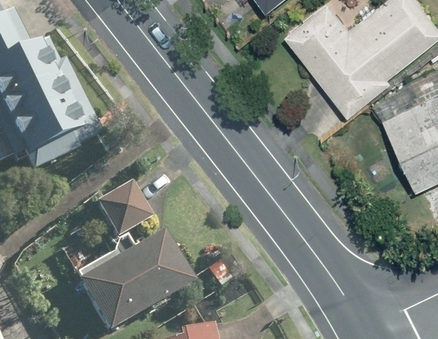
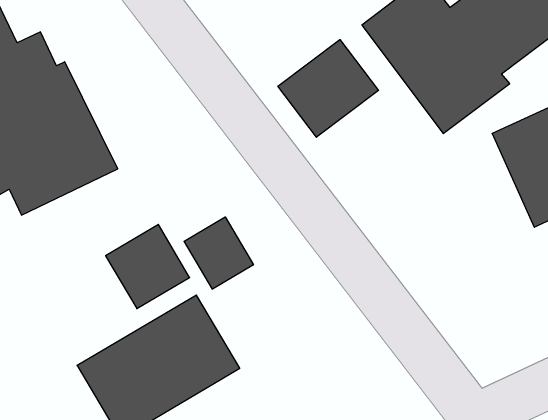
building: none -> [278,40,378,137]
building: none -> [184,217,253,289]

